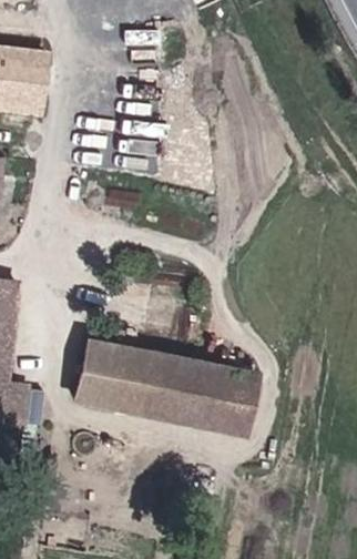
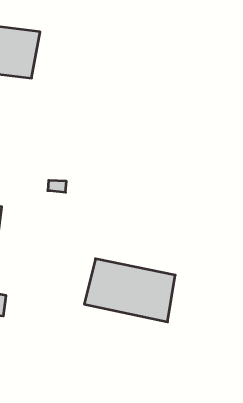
building: [76,338,142,410] -> none

